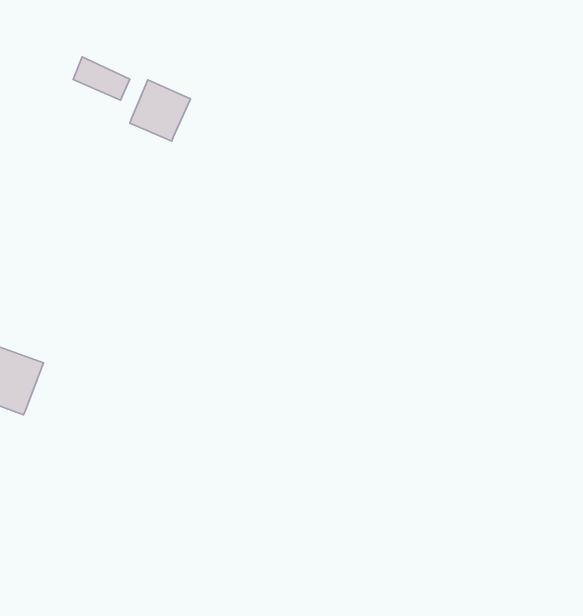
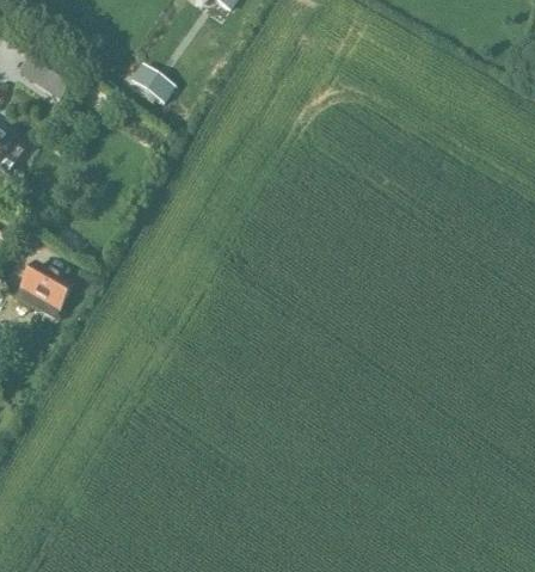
building: [130,80,191,141] -> none

